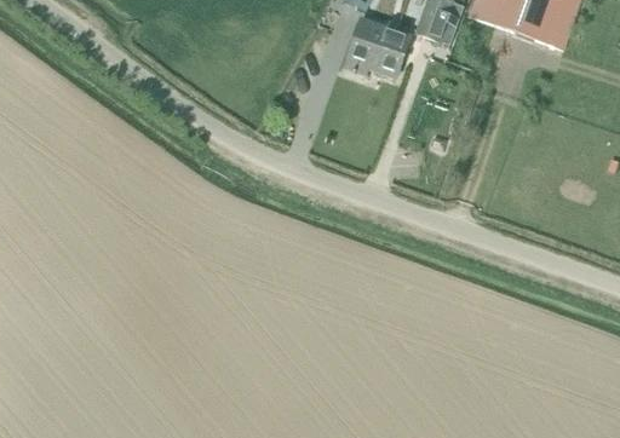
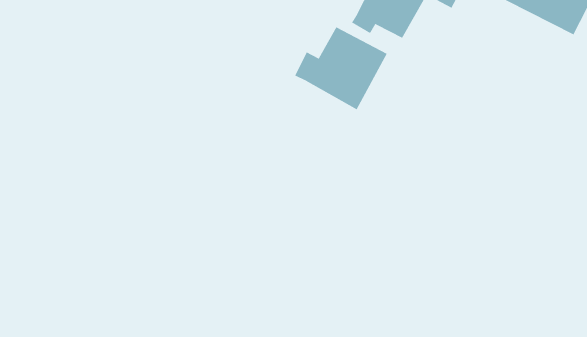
building: none -> [295,27,387,110]

